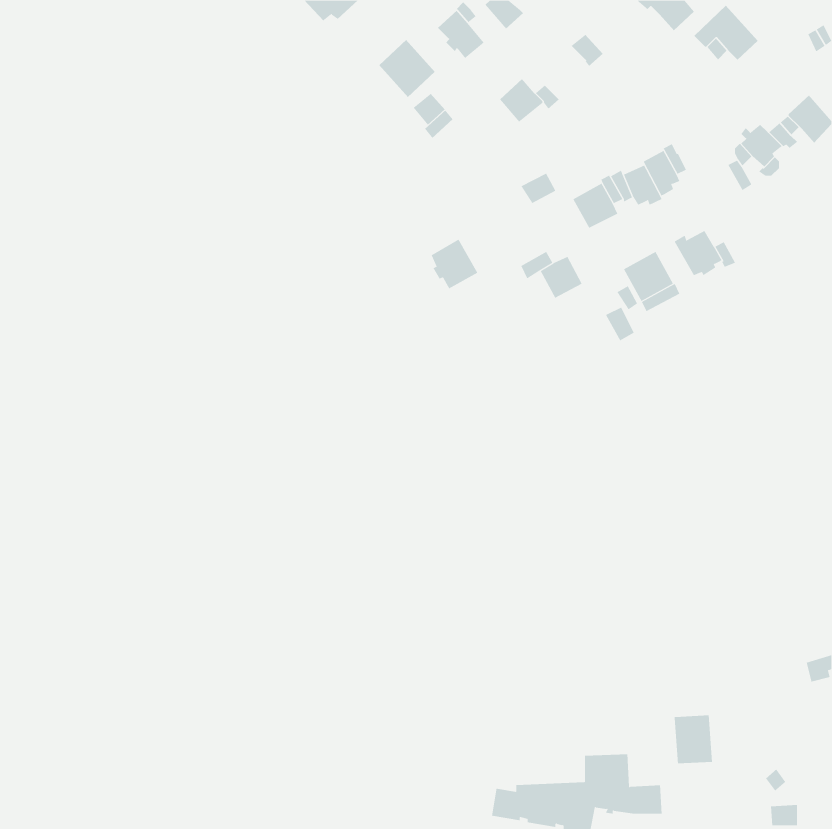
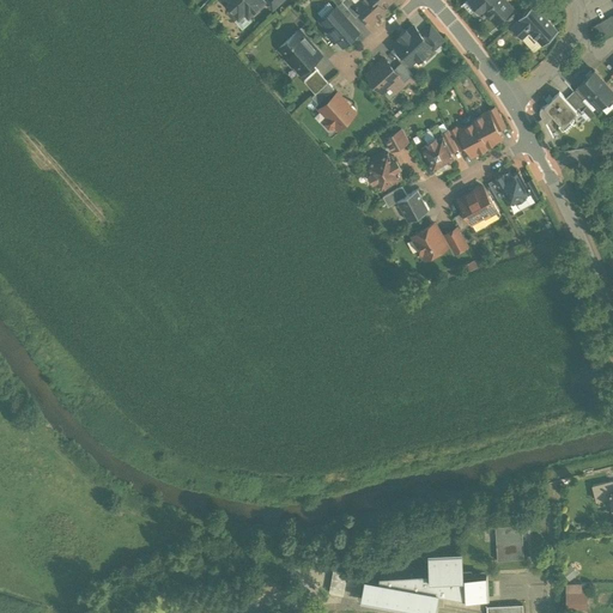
building: none -> [394,30,430,62]
building: none -> [320,95,353,129]
building: [431,239,478,289] -> [366,154,401,192]
building: none -> [412,225,447,260]

